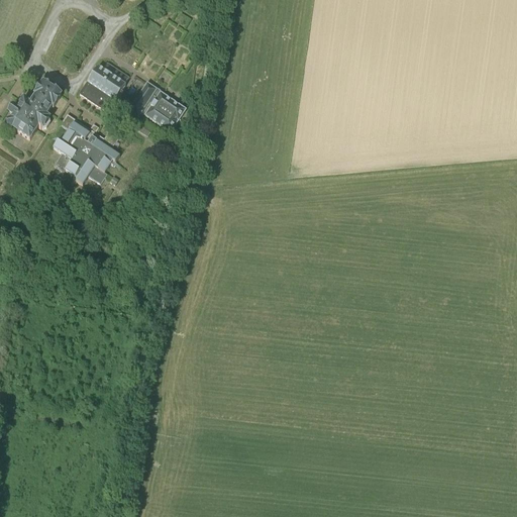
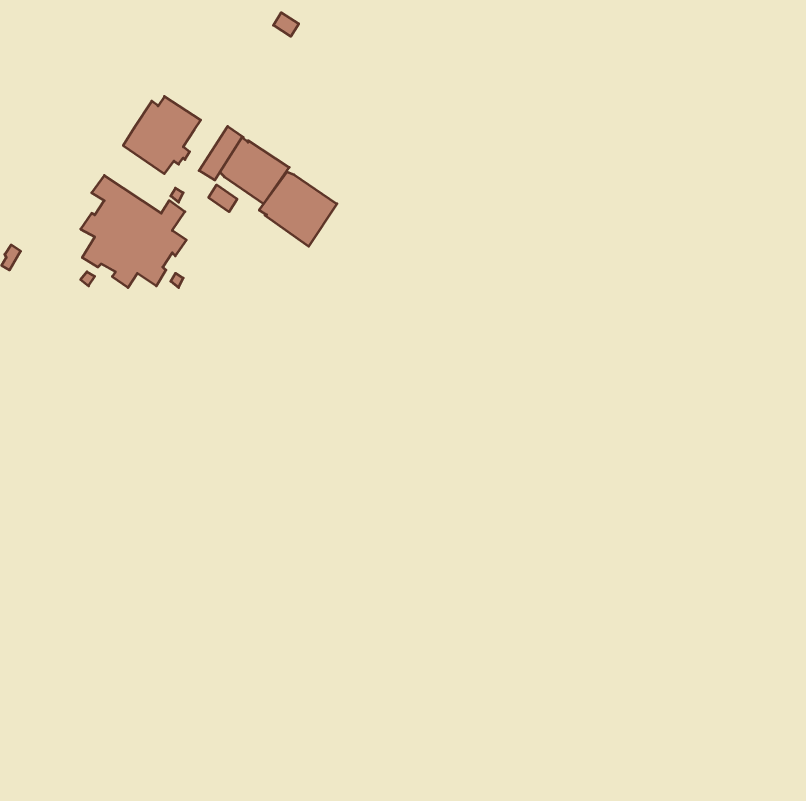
building: [6,81,60,137] -> none
building: none -> [259,172,337,246]

